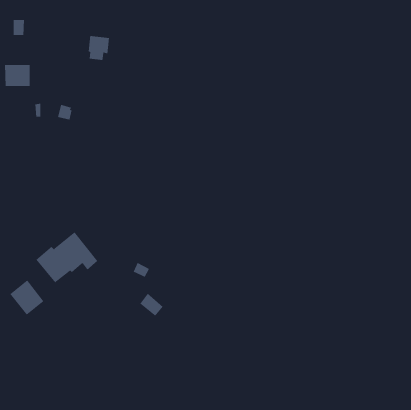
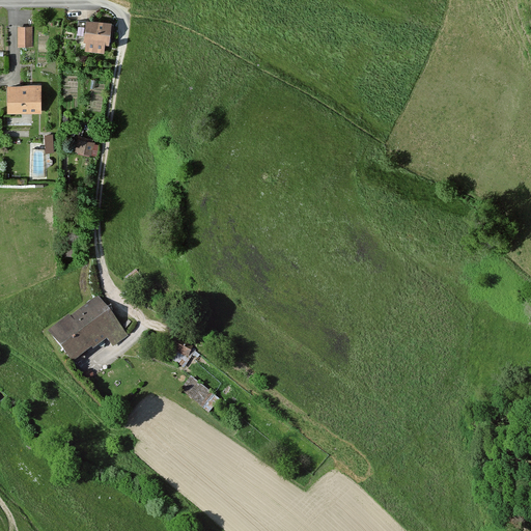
building: [88,35,110,60] -> [83,20,111,52]
building: [9,280,44,316] -> none

